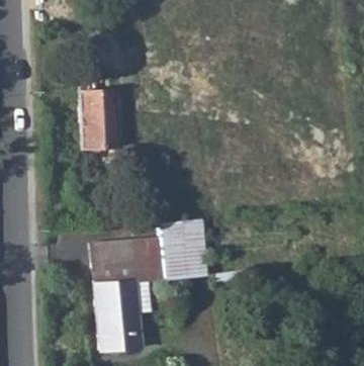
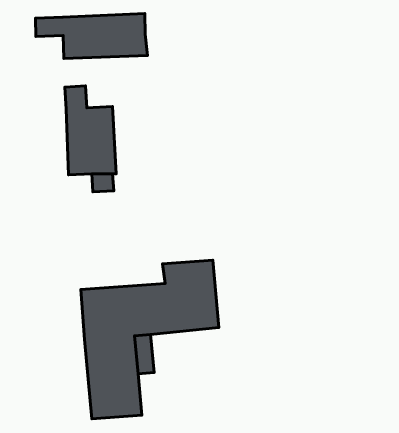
building: none -> [36,13,147,58]

